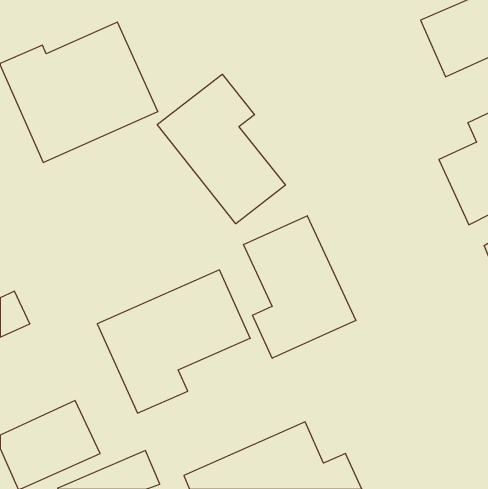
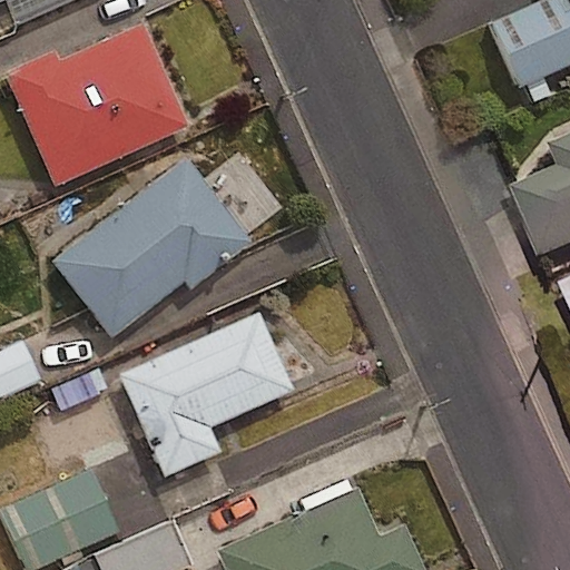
building: [157,74,285,224] -> none
building: none -> [49,157,252,341]
building: [244,216,356,358] -> none

